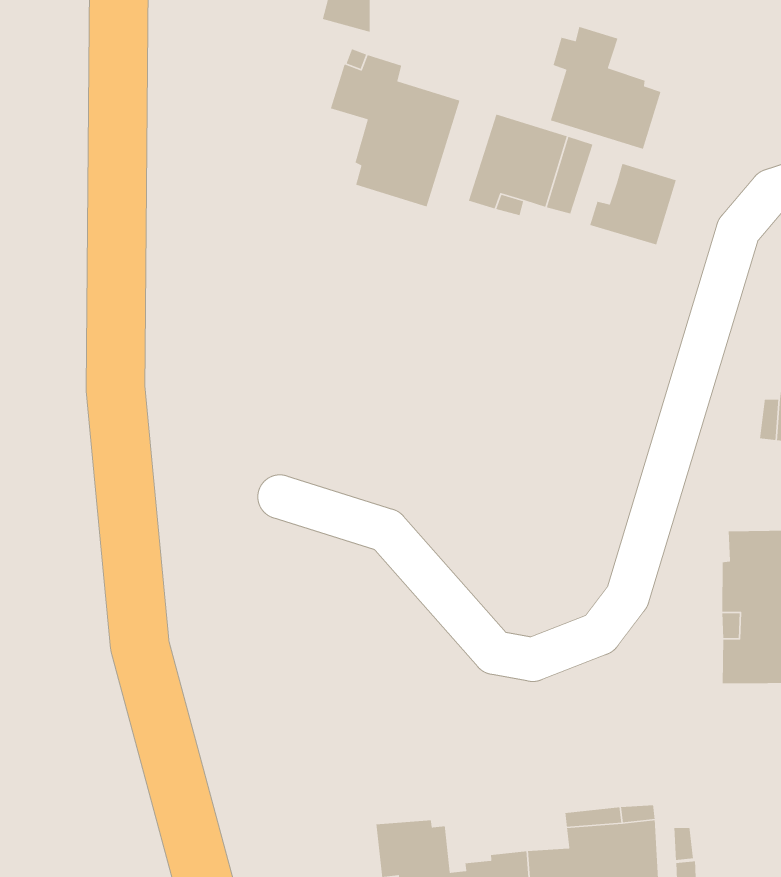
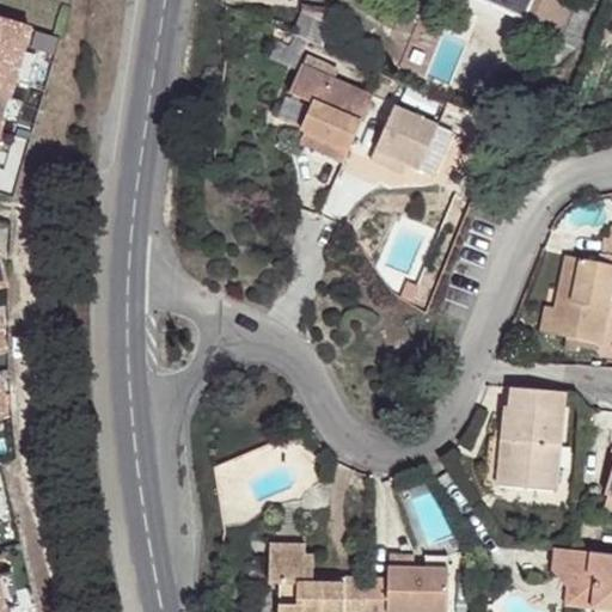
building: [550,26,662,150] -> none
building: [589,163,677,245] -> none

